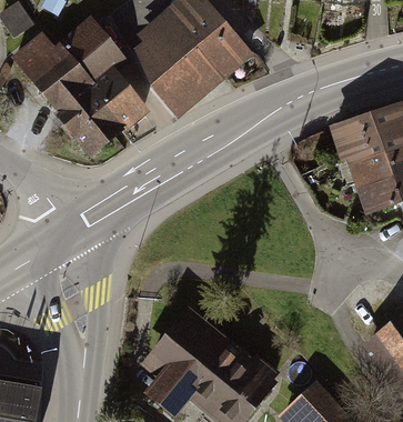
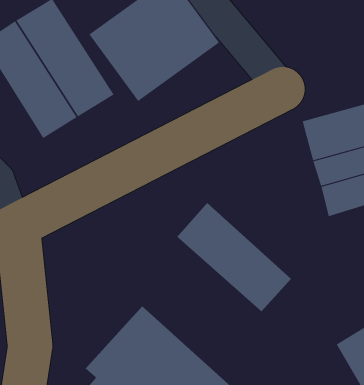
building: none -> [177,202,292,312]

